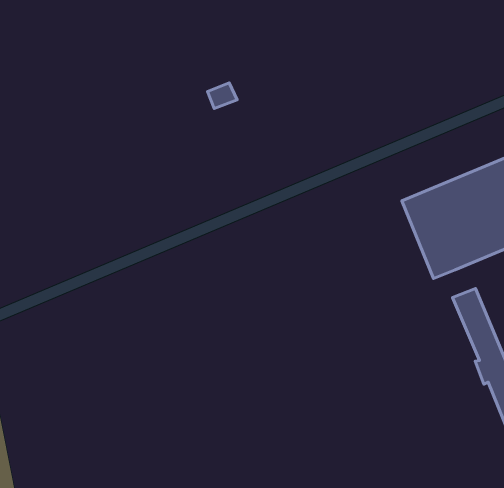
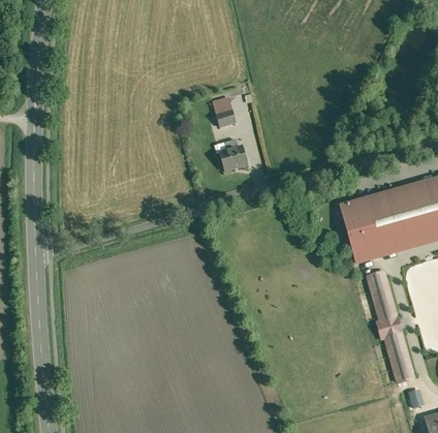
building: none -> [219,140,247,171]

